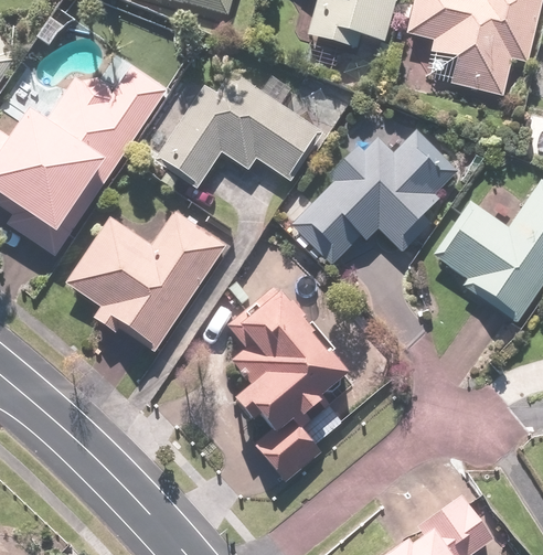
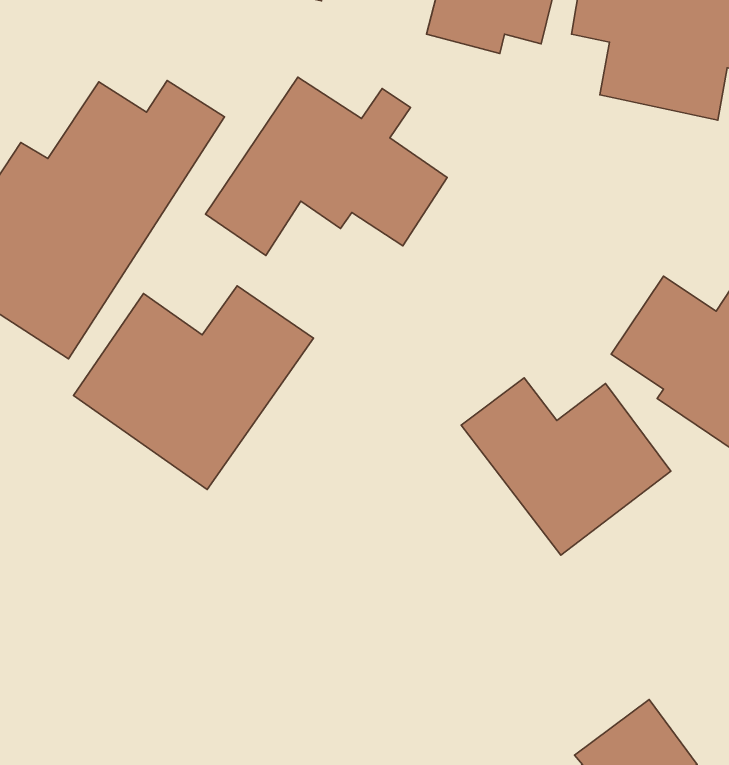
building: [286,125,459,264] -> none
building: none -> [461,378,671,555]
building: [225,287,345,480] -> none

